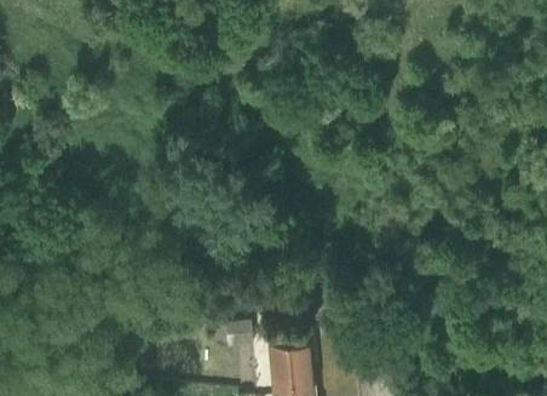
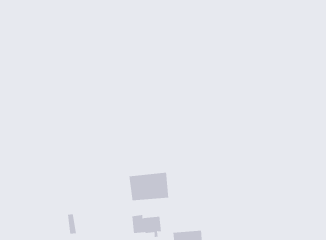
building: none -> [129,172,169,201]

